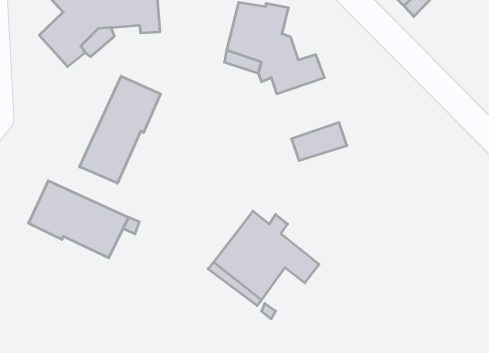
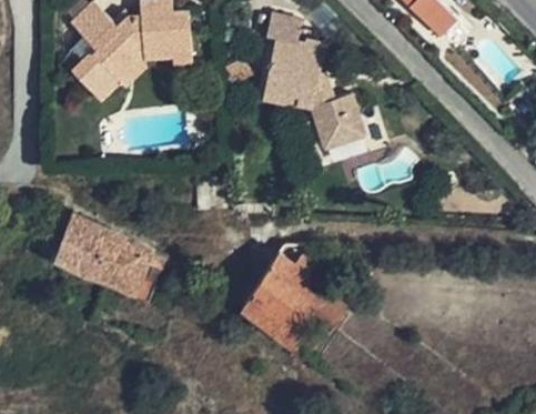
building: [79,76,161,183] -> none
building: [291,123,347,161] -> [310,112,366,151]

